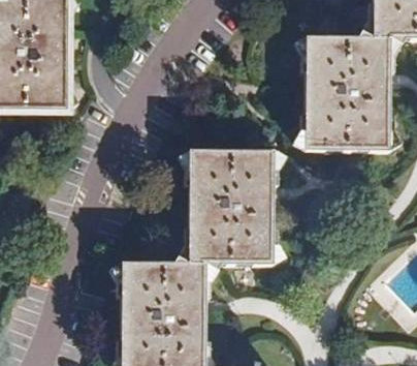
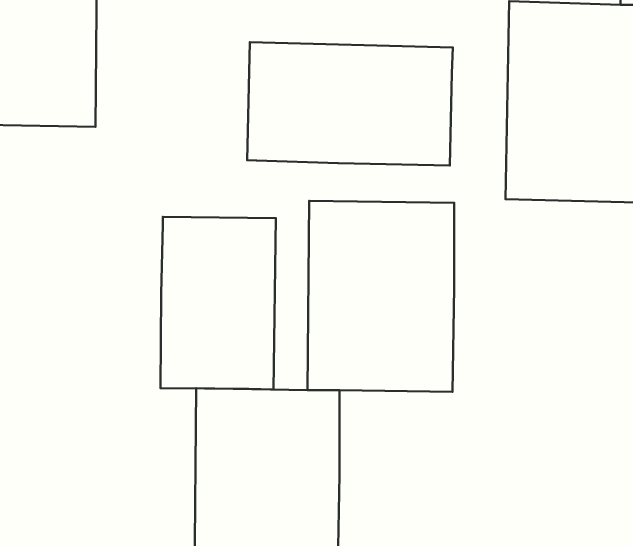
building: none -> [247,42,453,166]
building: none -> [160,217,276,389]

